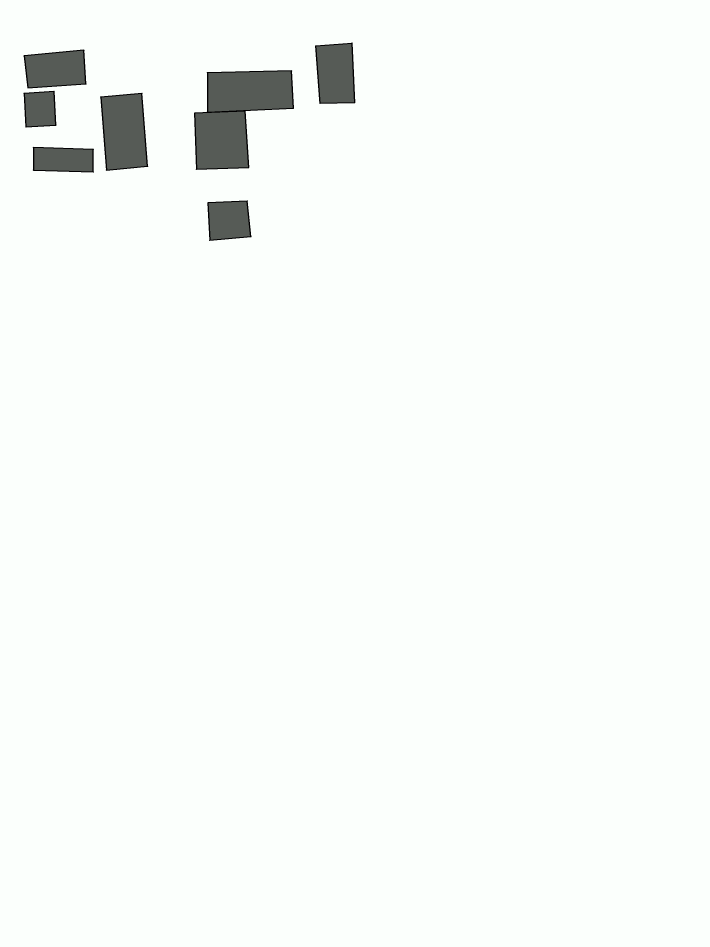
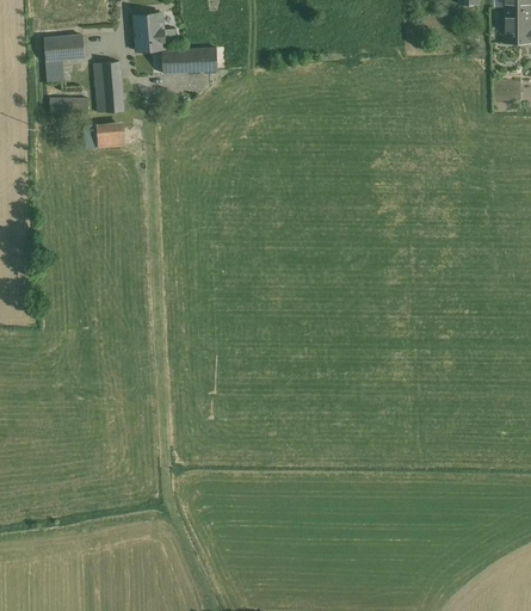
building: [316,43,355,103] -> none
building: [195,111,249,169] -> [134,12,168,49]
building: [208,201,251,240] -> [98,122,125,147]

